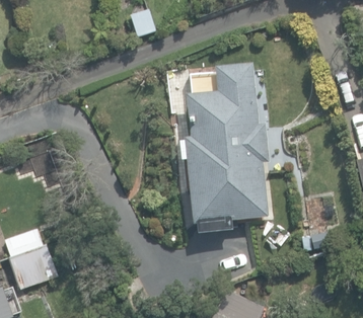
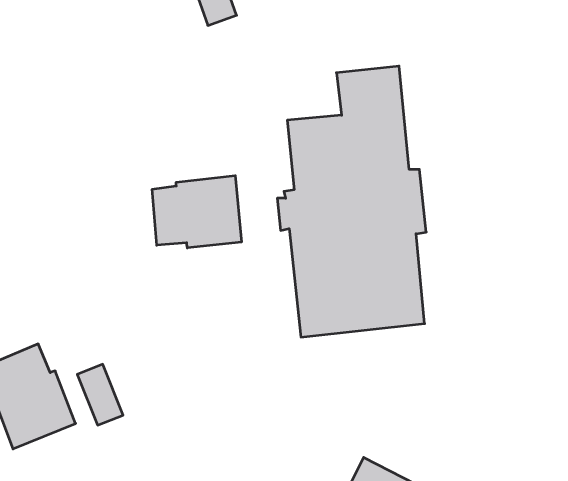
building: none -> [152,176,241,248]

